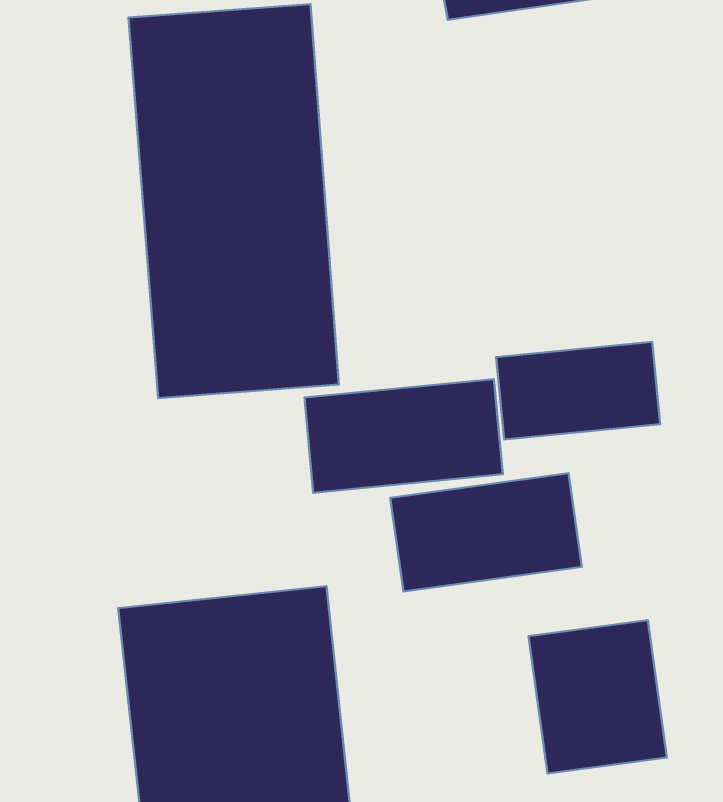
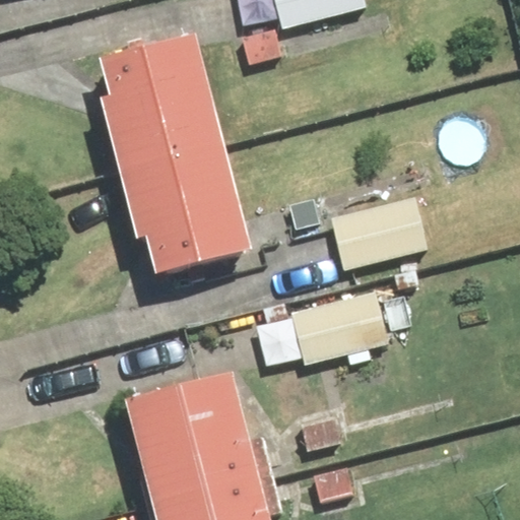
building: [304,379,503,493] -> none
building: [529,620,667,774] -> none

